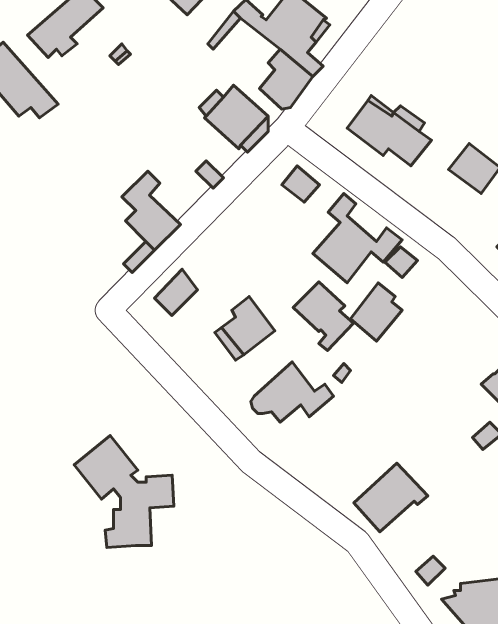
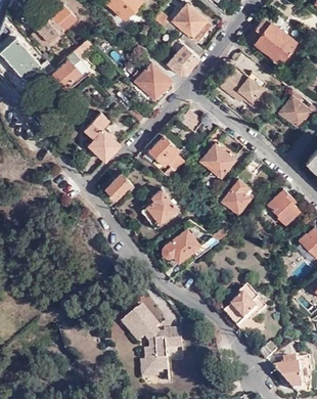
building: none -> [251,18,297,64]
building: none -> [49,53,84,88]
building: [293,282,353,351] -> [149,137,185,178]
building: none -> [268,189,302,227]
building: [74,436,174,547] -> [122,305,181,371]

